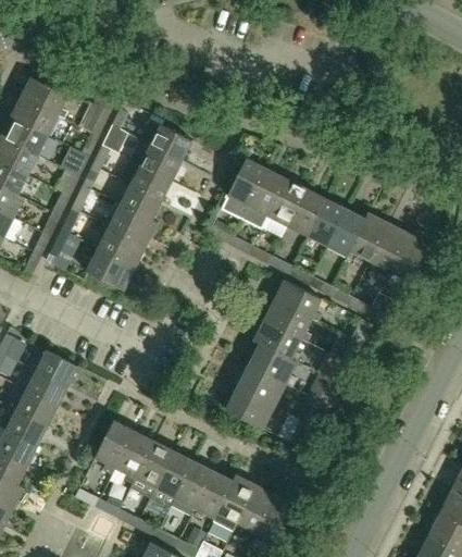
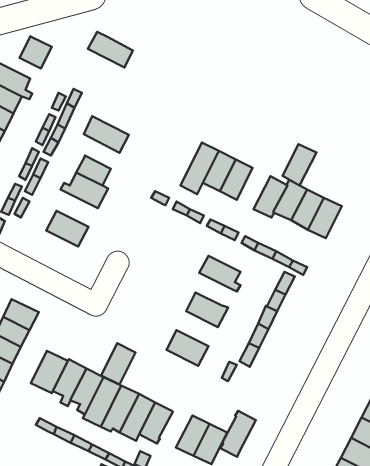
building: none -> [19,36,52,69]
building: [139,119,191,160] -> [88,32,133,68]
building: [221,158,266,219] -> none
building: [118,159,171,199] -> none
building: [307,198,346,246] -> [283,144,316,185]
building: [98,226,146,267] -> none
building: [274,280,321,322] -> none
building: [253,320,301,360] -> none
building: [237,364,285,405] -> none
building: none -> [101,343,136,385]
building: none -> [31,351,68,393]
building: [214,474,255,528] -> [220,411,256,457]

